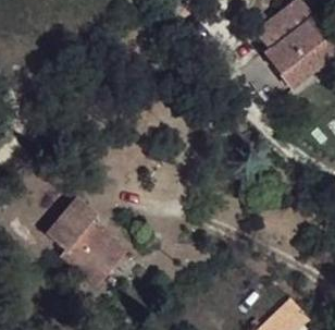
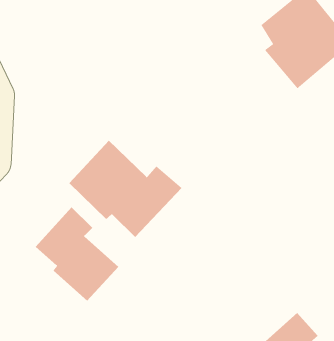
building: none -> [68,140,183,238]

